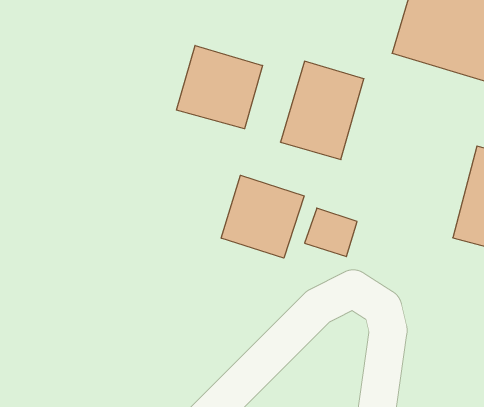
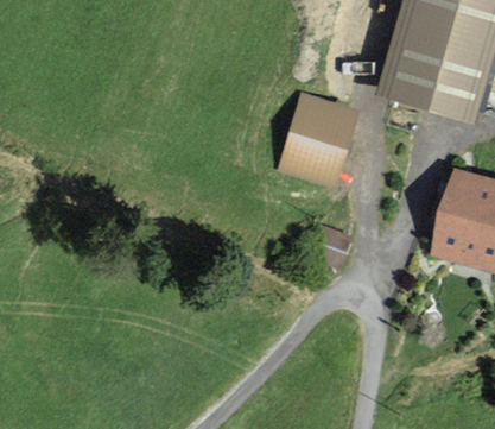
building: [176,45,263,129] -> none
building: [221,175,304,258] -> none

